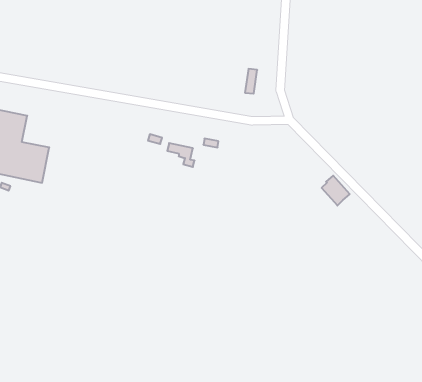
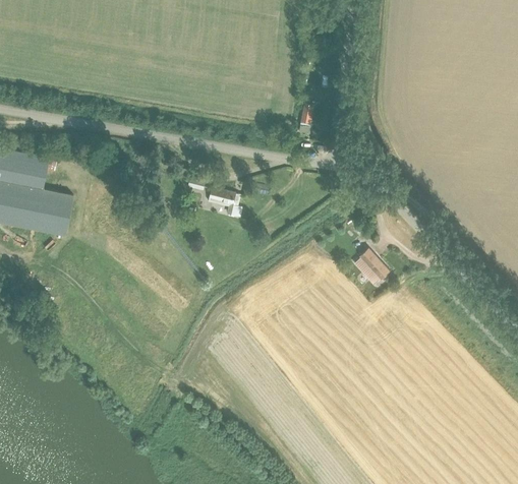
building: [322,176,350,206] -> [355,250,388,285]

